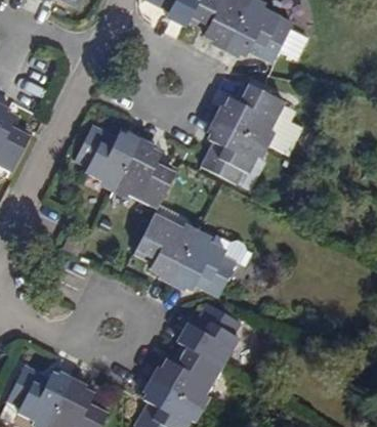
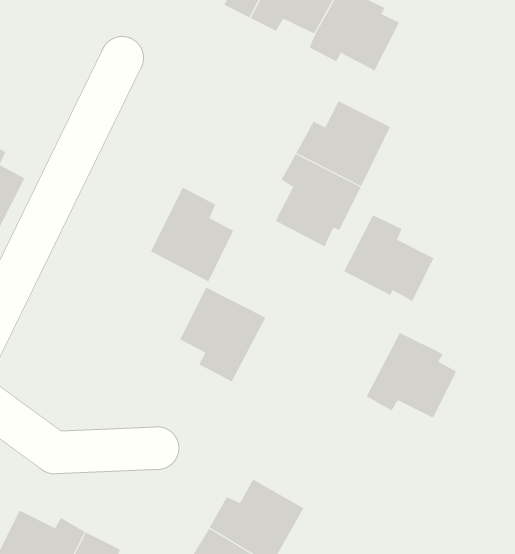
building: [74,127,137,186] -> none
building: none -> [344,214,434,302]
building: [172,232,236,293] -> [366,332,457,419]
building: [178,303,240,366] -> none

